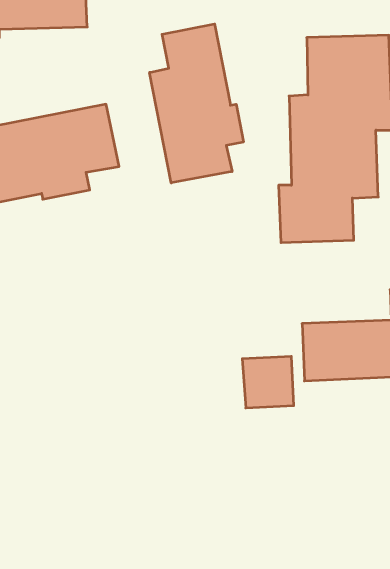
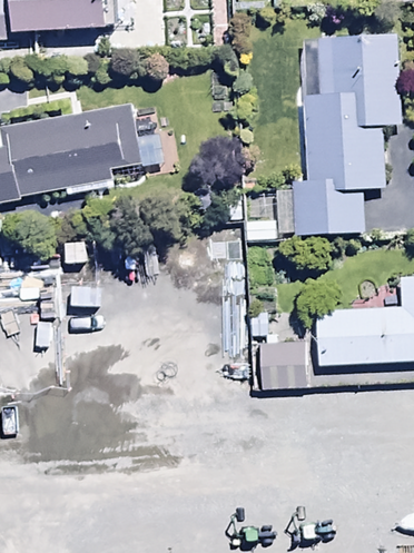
building: [150,24,243,183] -> none

